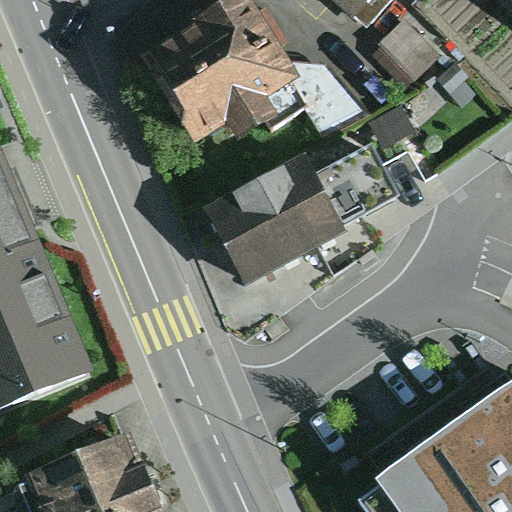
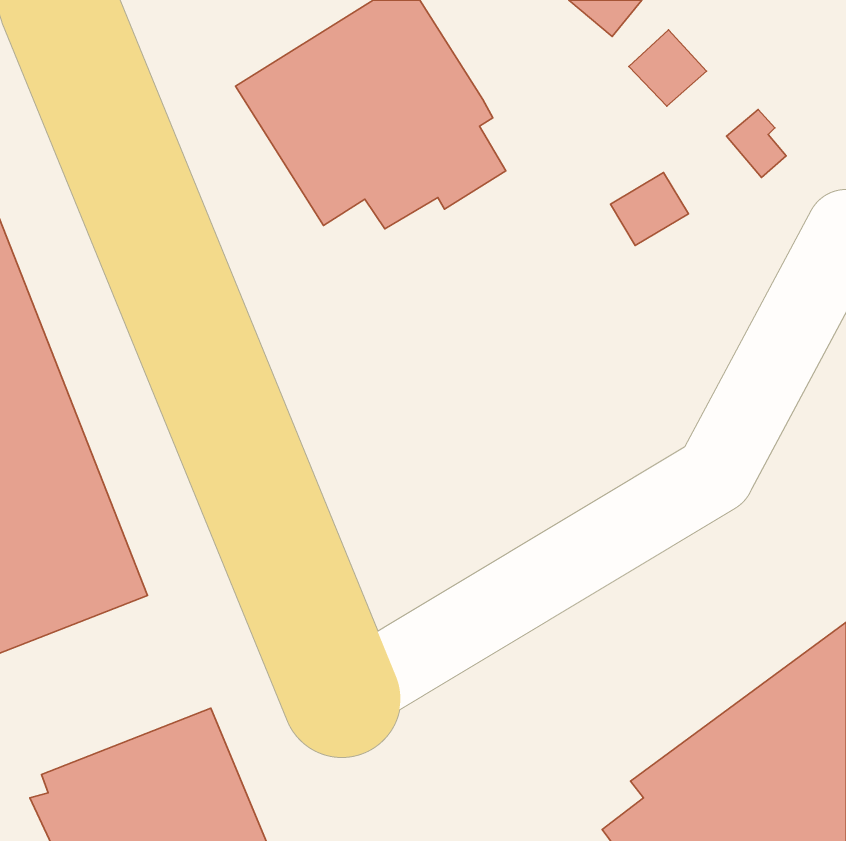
building: [289,64,368,140] -> none
building: [208,142,405,283] -> none

